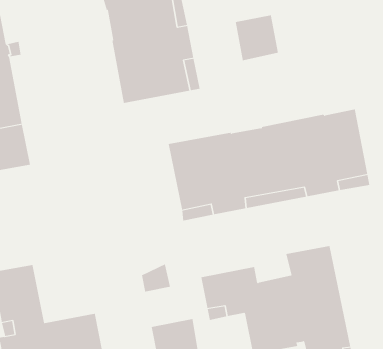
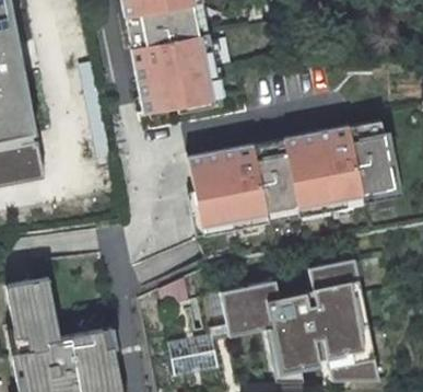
building: [235,15,278,61] -> none

